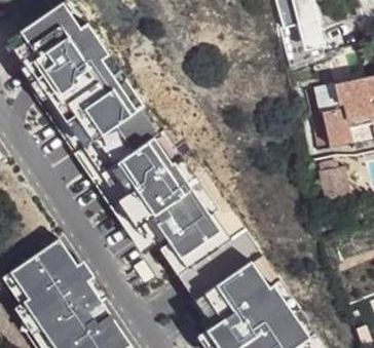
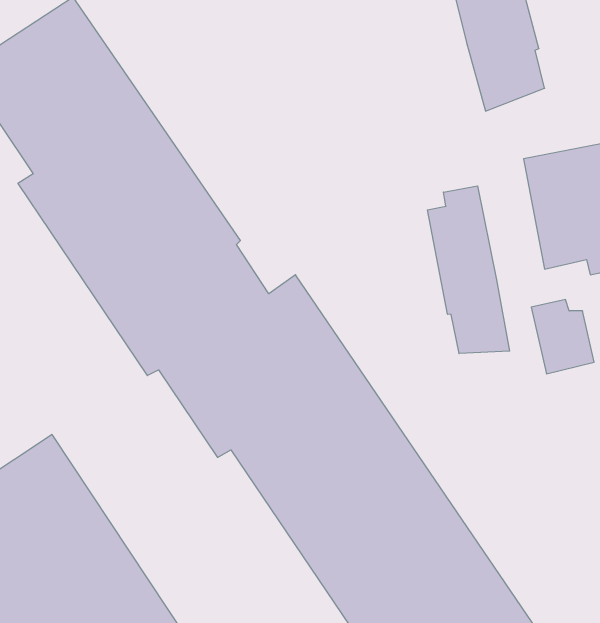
building: none -> [427,186,510,354]

